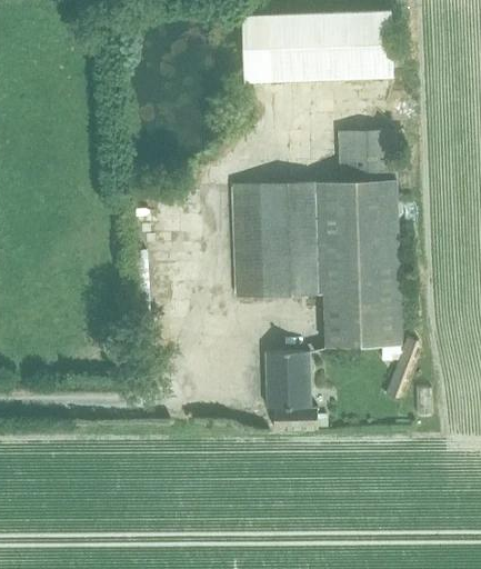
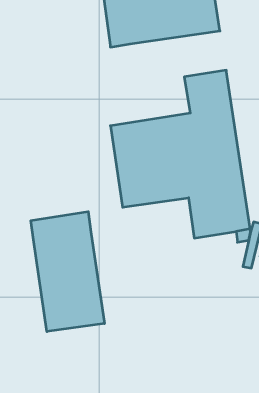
building: none -> [31,212,104,332]
building: [265,351,318,430] -> none

